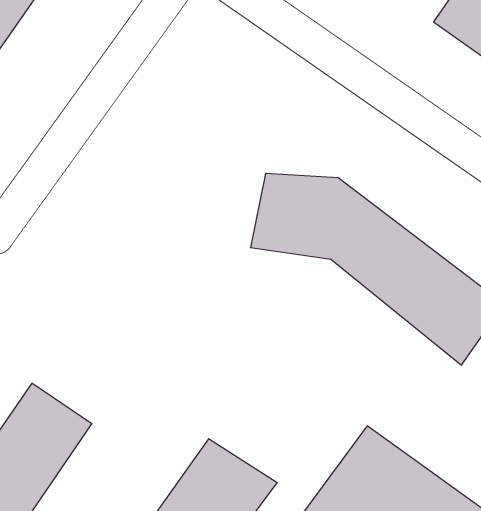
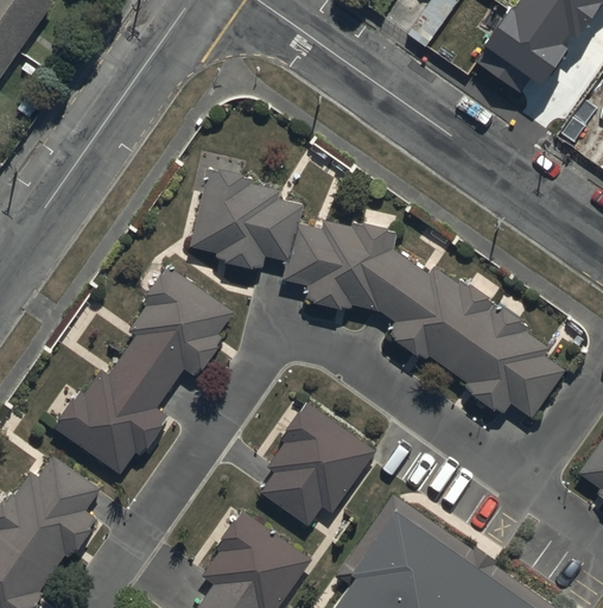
building: none -> [189,165,303,273]
building: none -> [50,268,234,476]
building: none -> [259,403,370,530]

